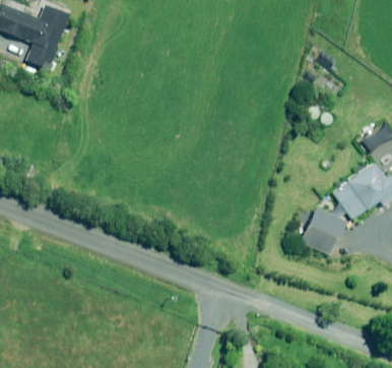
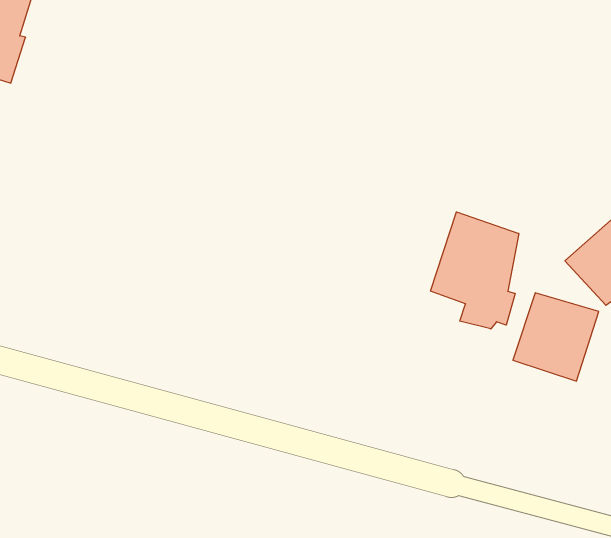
building: none -> [430,212,519,329]

